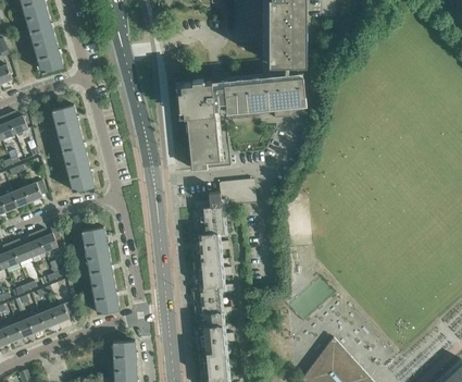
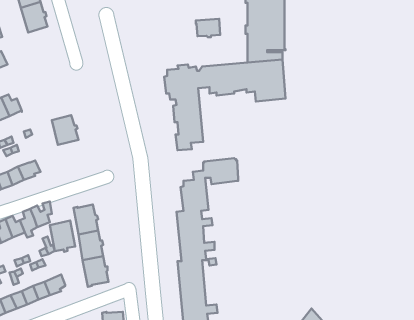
building: none -> [196,19,220,37]
building: [34,39,62,73] -> none
building: [51,106,79,138] -> none
building: [65,159,93,193] -> none
building: none -> [50,220,75,252]

